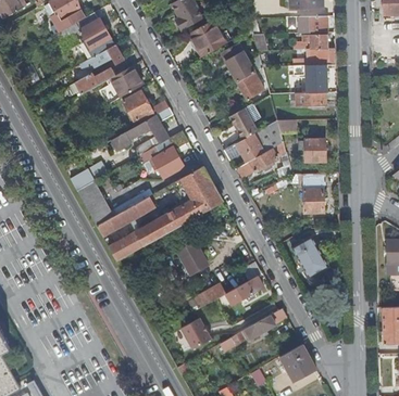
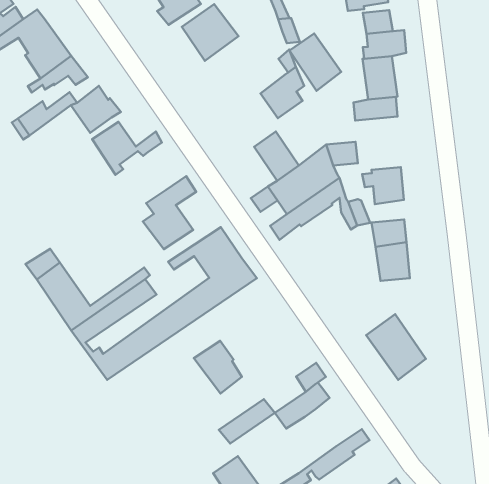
building: [221,43,253,81] -> [290,33,341,91]
building: [110,107,172,156] -> none

